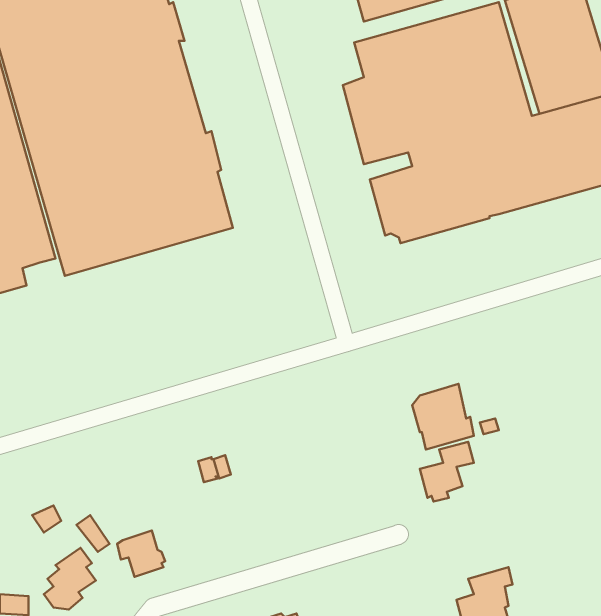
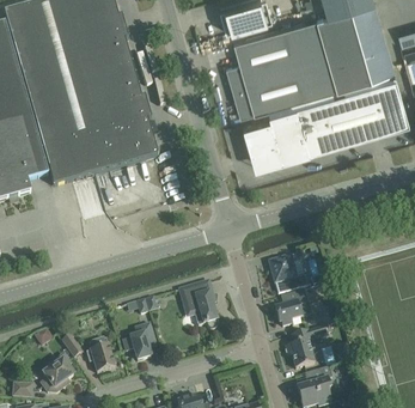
building: none -> [179,285,218,330]
building: none -> [122,324,154,361]
building: none -> [285,327,326,369]

